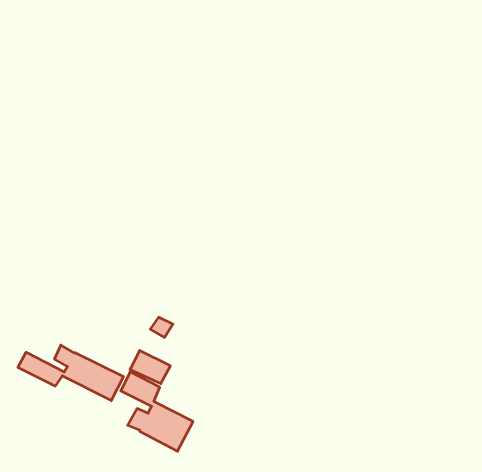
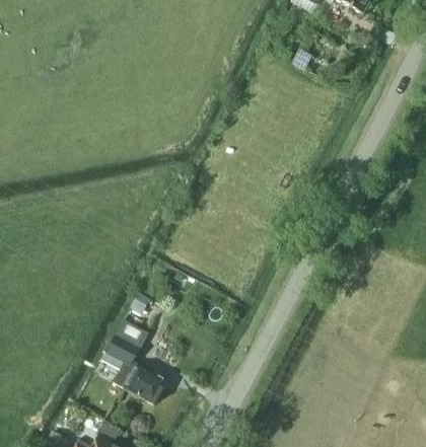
building: [18,345,123,401] -> none

